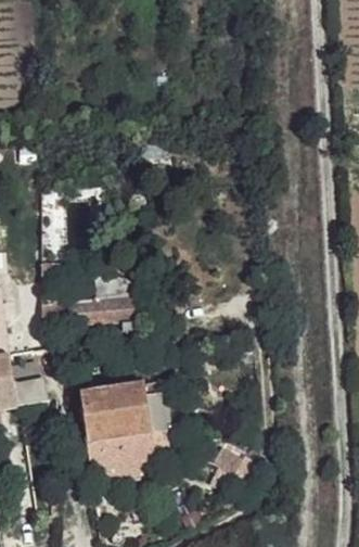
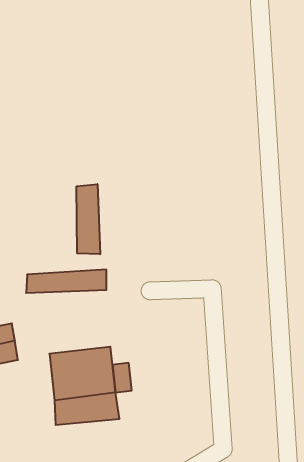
building: none -> [77,184,100,254]

